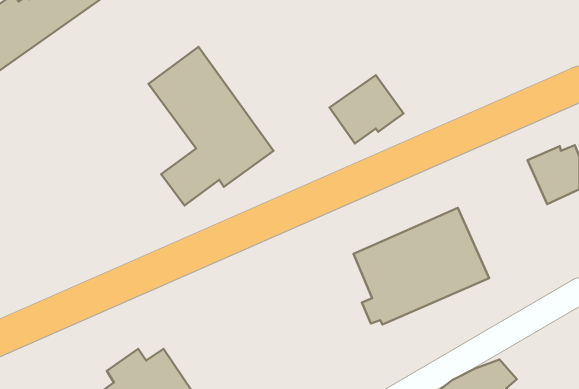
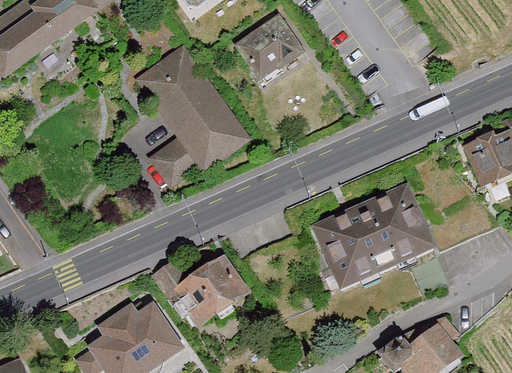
building: [329,75,404,143] -> [238,16,302,75]
building: none -> [154,260,243,319]

